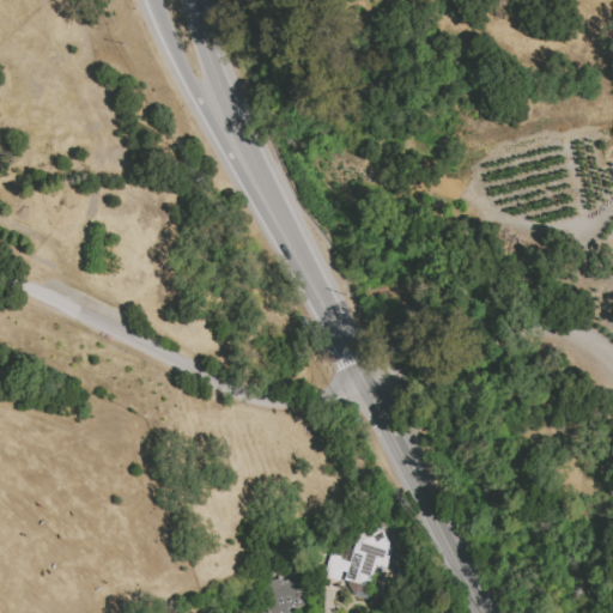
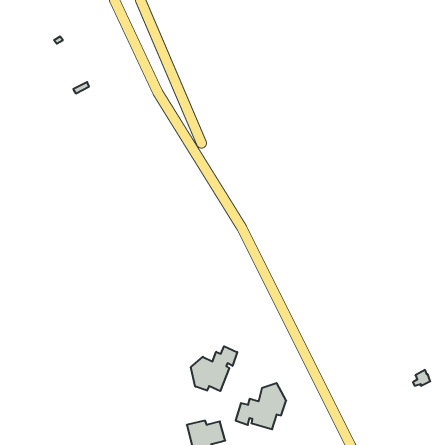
building: none -> [191,346,237,391]

